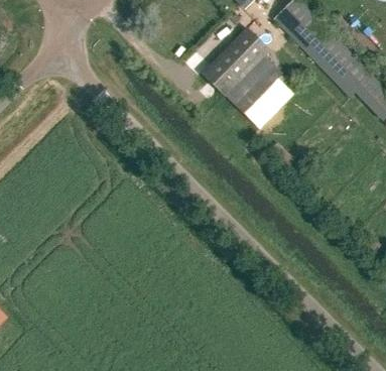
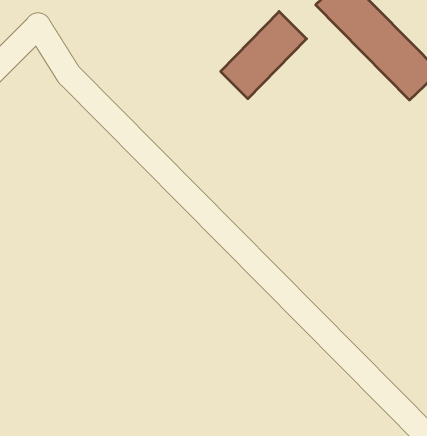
building: [226,54,291,127] -> none

